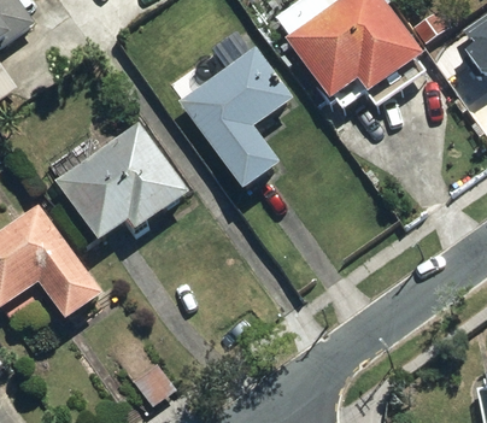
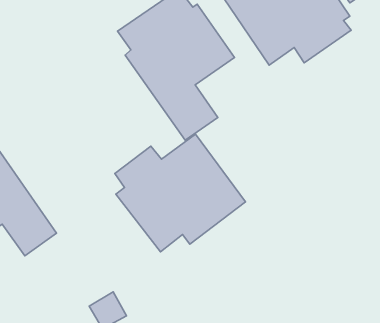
building: [48,118,193,248] -> [115,134,246,252]

